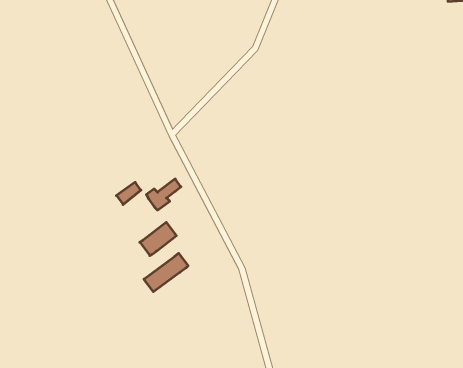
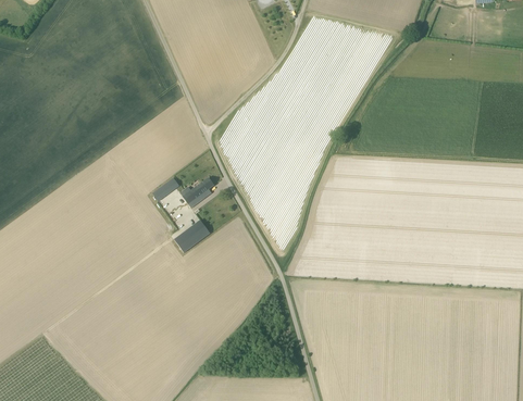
building: [144,253,188,292] -> none

